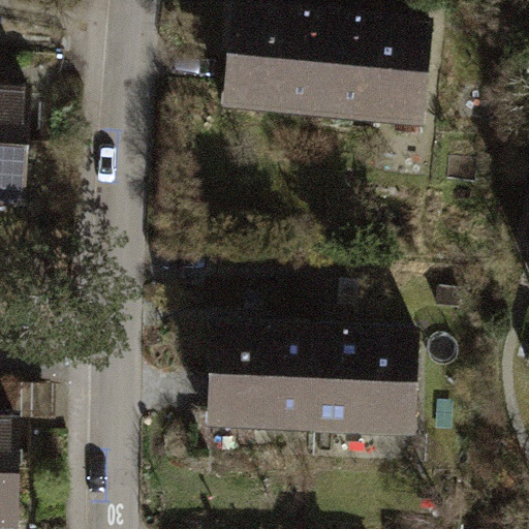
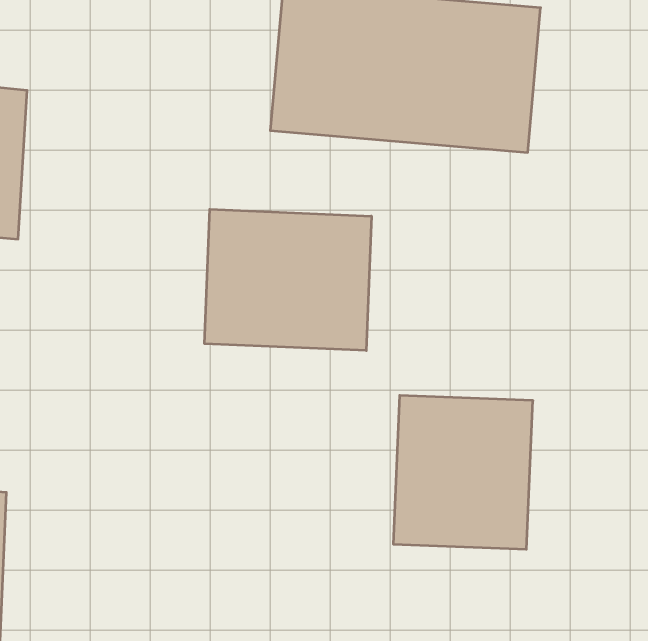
building: none -> [205,209,371,351]
building: [209,312,319,435] -> none

